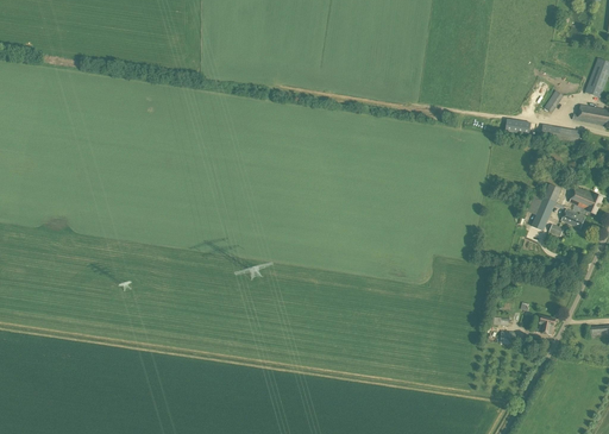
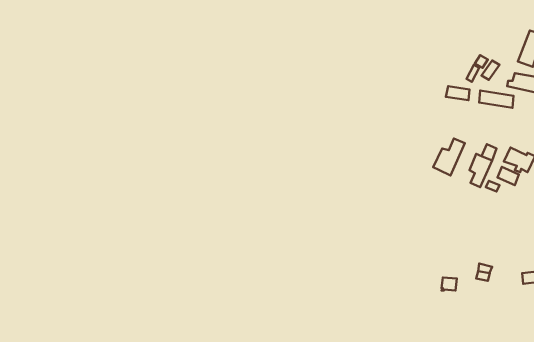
building: none -> [433,139,465,176]

